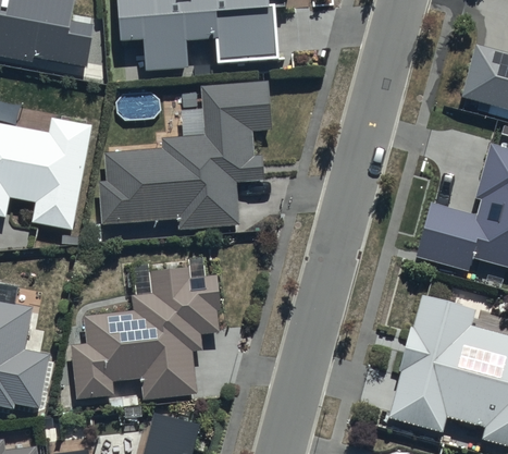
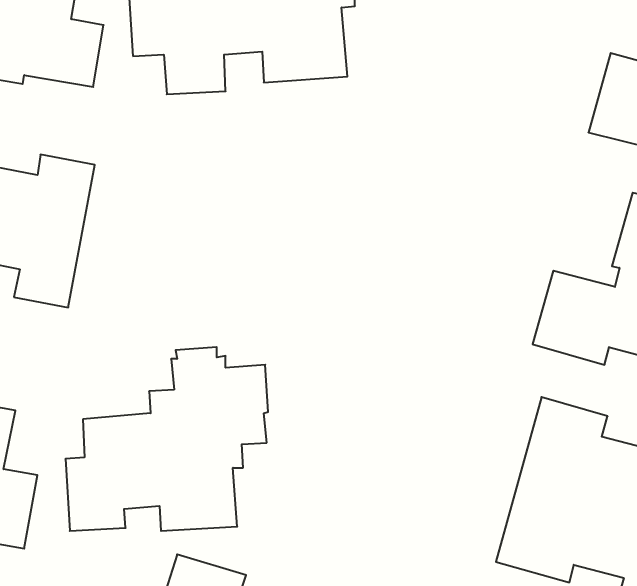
building: [99,81,272,230] -> none

